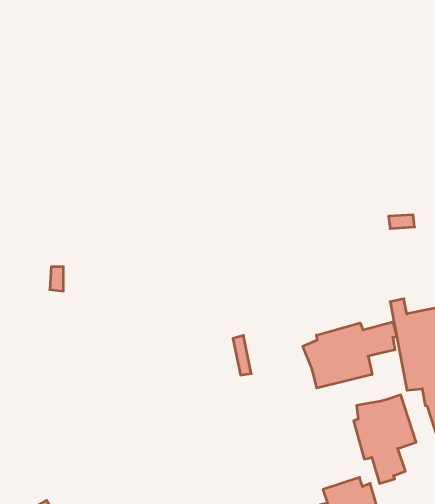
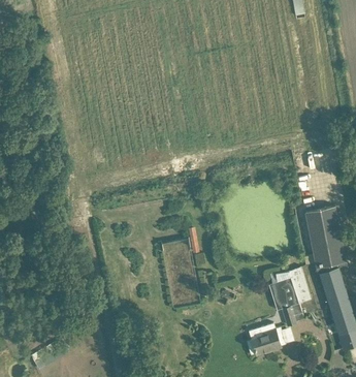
building: [303,322,397,388] -> none

